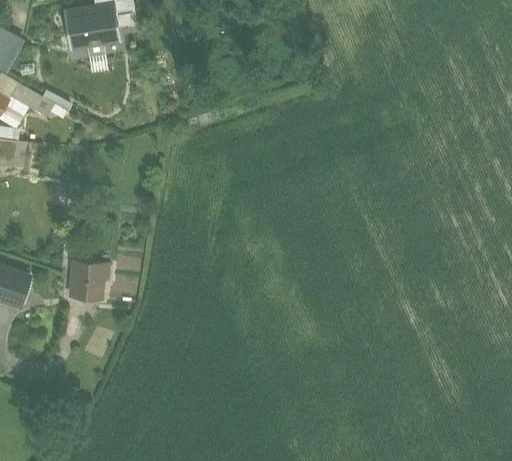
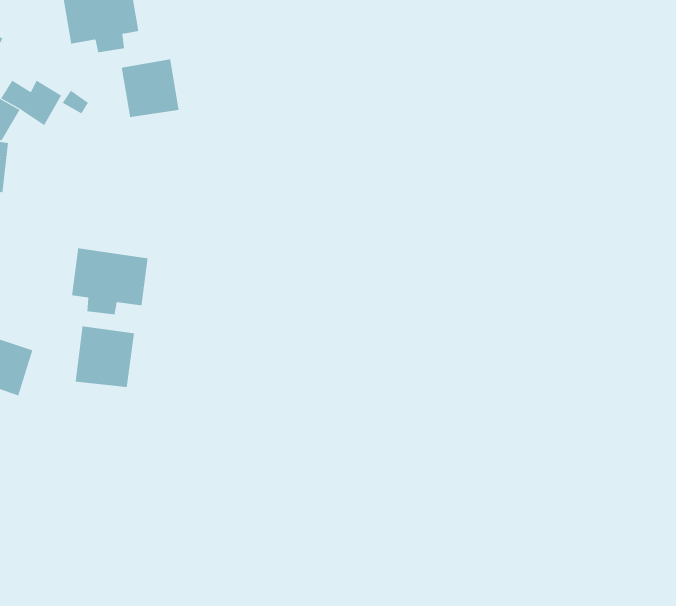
building: none -> [121,58,179,118]
building: none -> [72,247,148,315]

